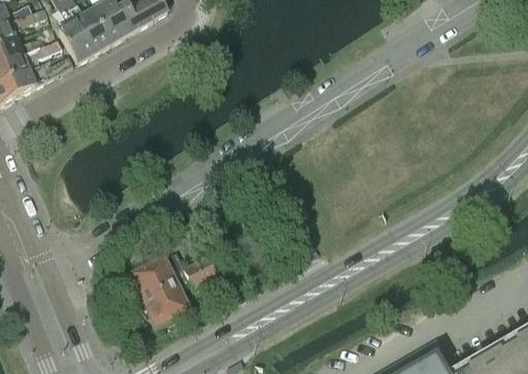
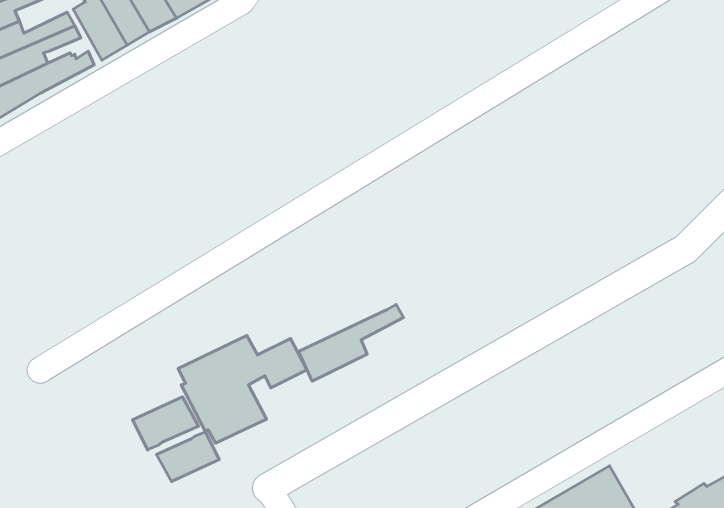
building: none -> [298,305,403,381]
building: none -> [133,397,198,450]
building: none -> [157,431,219,482]

